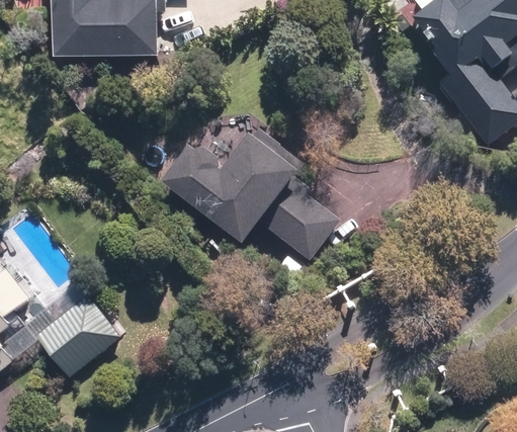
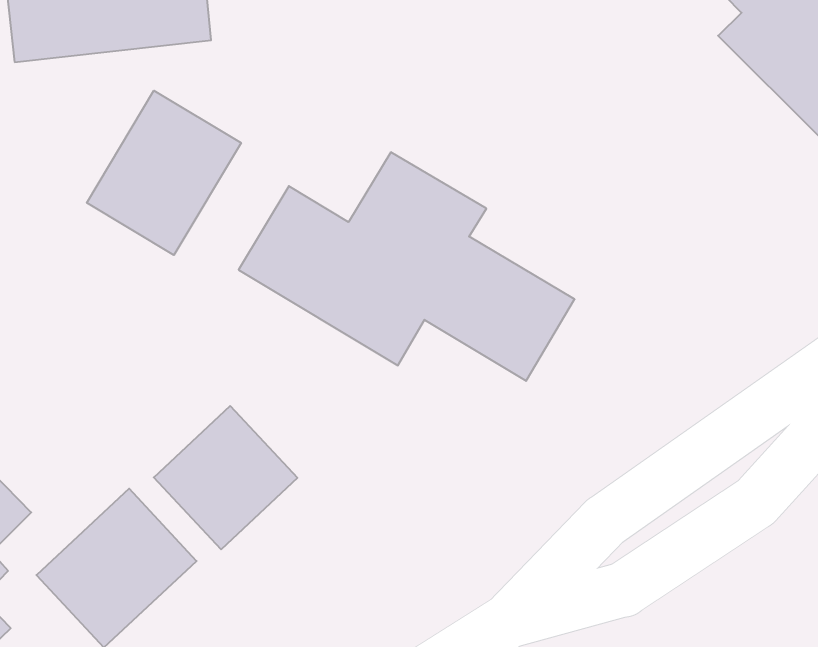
building: none -> [87,91,241,255]
building: none -> [154,406,297,549]

